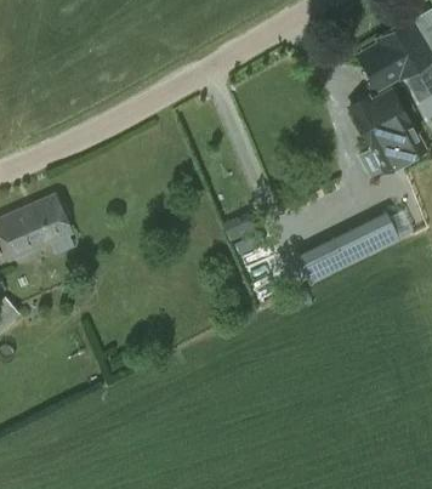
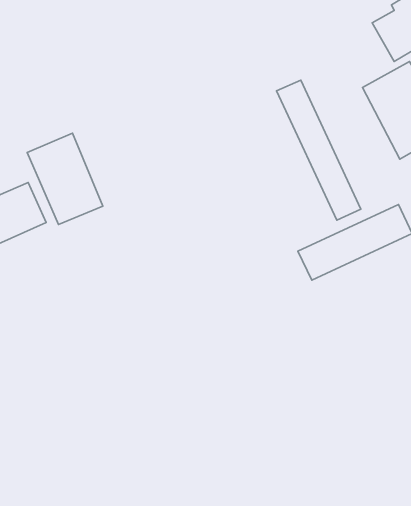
building: none -> [277,80,361,220]
building: none -> [27,133,103,225]

